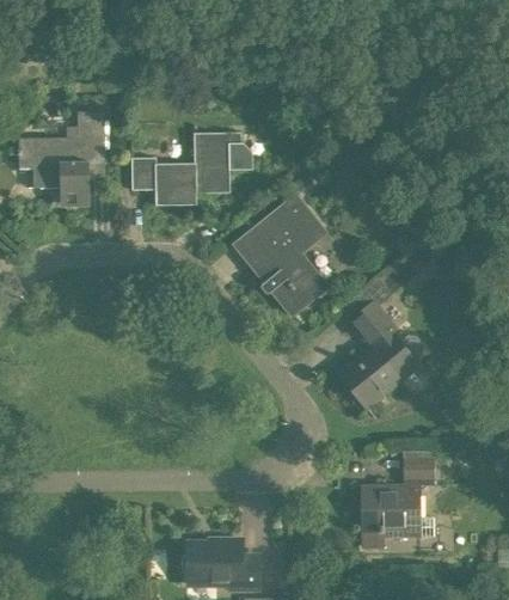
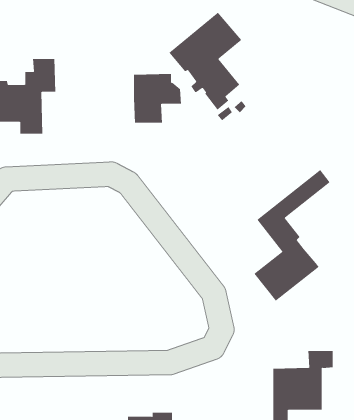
building: [133,158,197,206] -> none
building: [235,196,324,314] -> [168,12,242,111]

